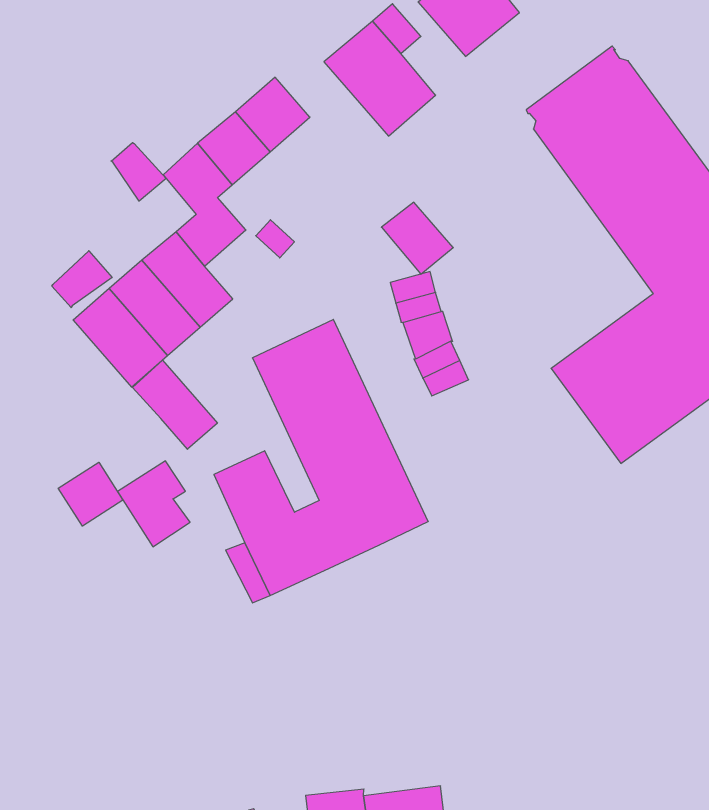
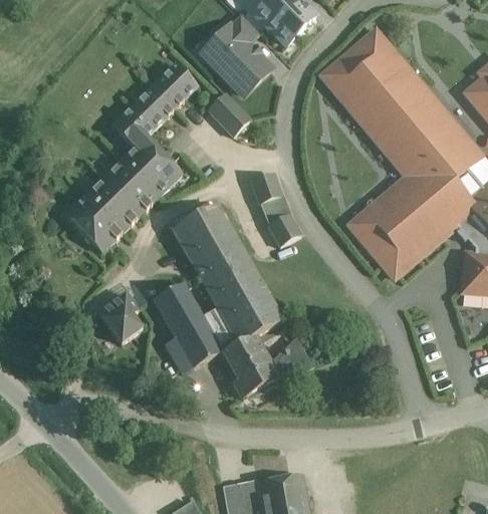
building: [111,143,166,201] -> none
building: [381,202,453,274] -> [208,92,251,135]
building: none -> [141,155,182,196]
building: [52,251,112,308] -> none
building: [133,360,217,449] -> none
building: [58,462,123,526] -> none
building: none -> [224,335,309,399]

